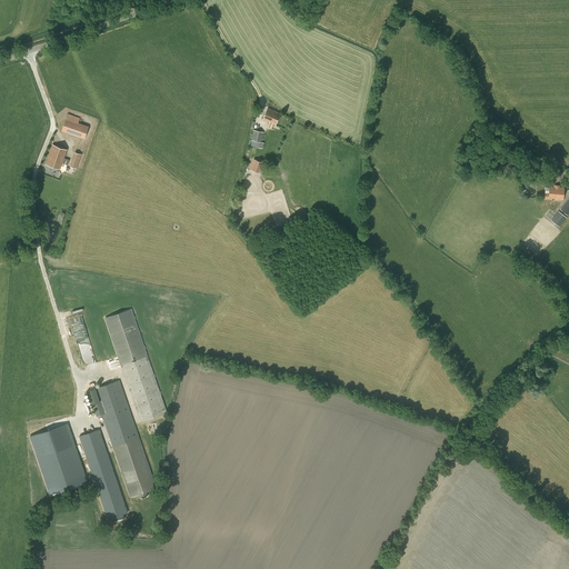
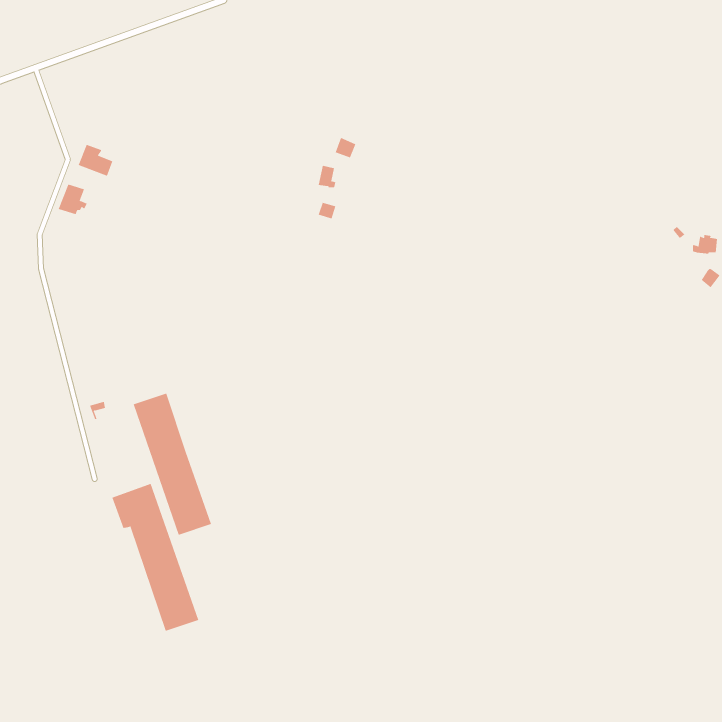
building: [30,423,88,496] -> none
building: [79,429,128,522] -> none

